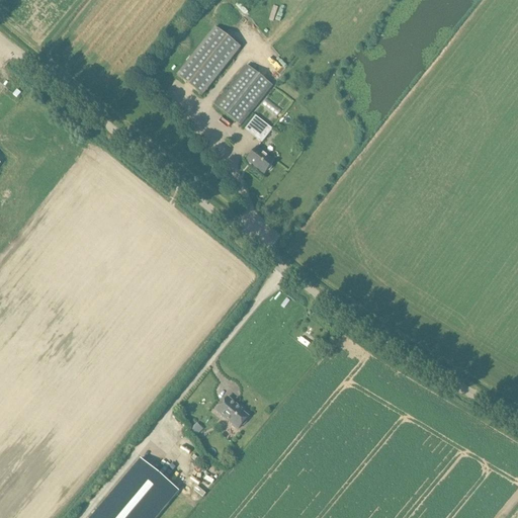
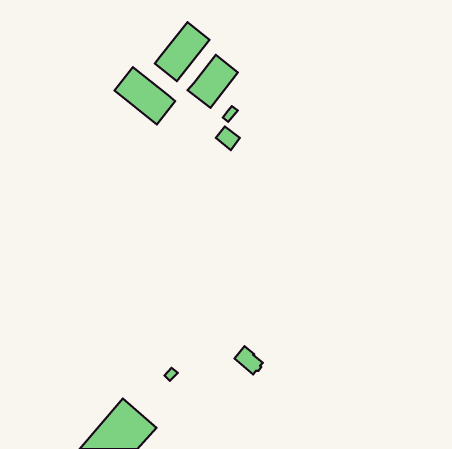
building: none -> [114,67,175,124]
building: [217,395,249,427] -> [235,346,263,374]

